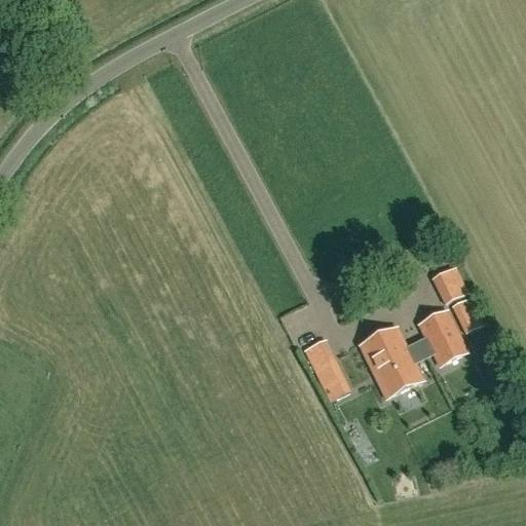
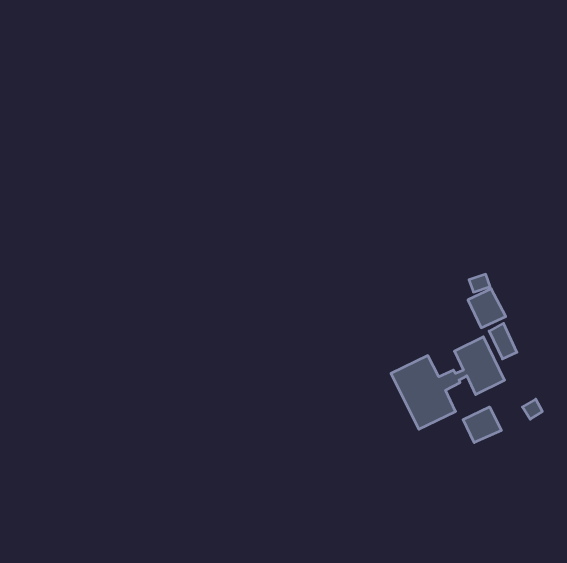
building: [303,338,348,399] -> none
building: none -> [463,407,501,443]

